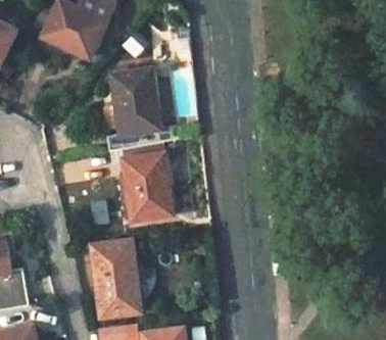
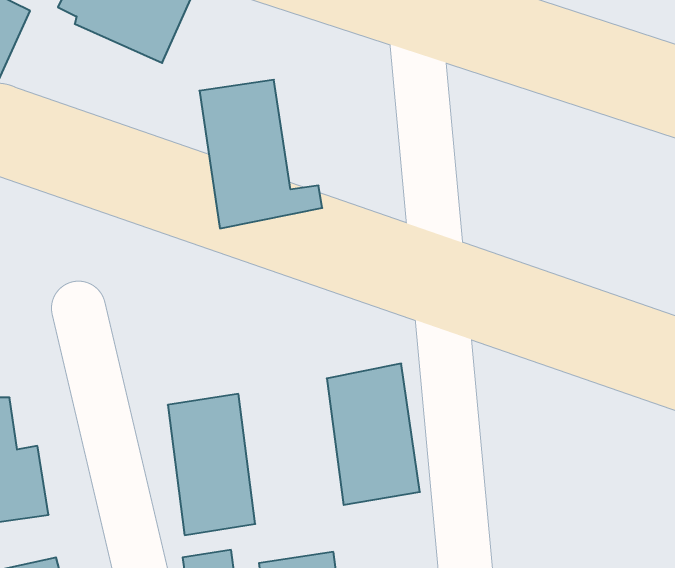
building: [122,140,173,217] -> [327,364,420,505]

